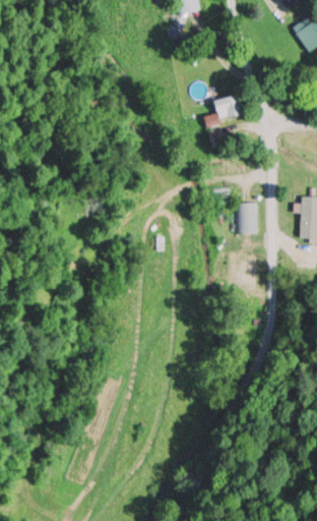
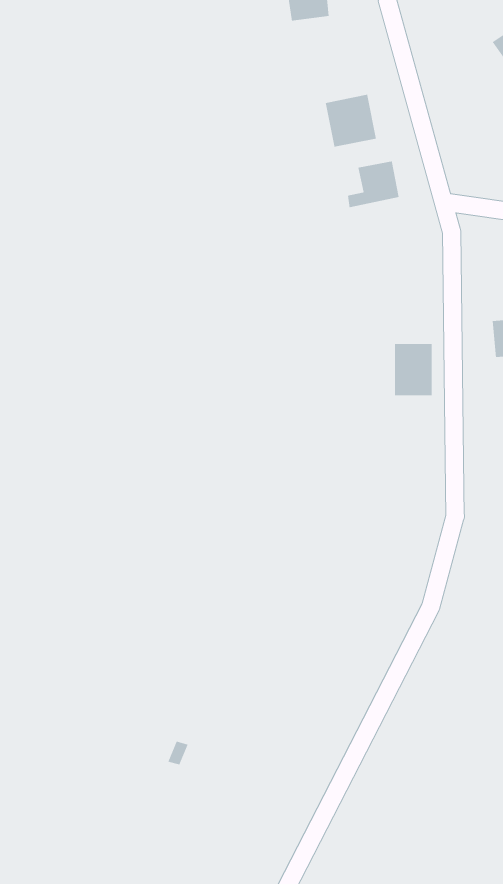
building: none -> [325,94,376,147]

